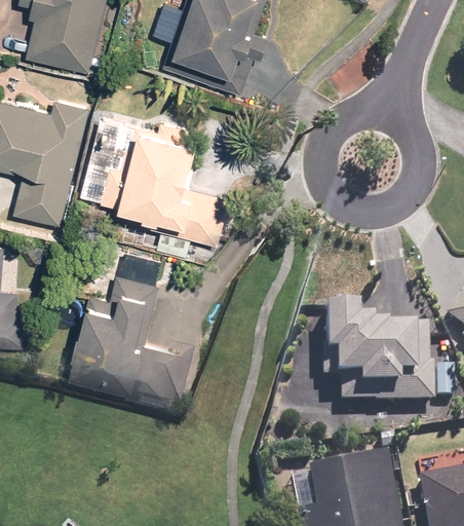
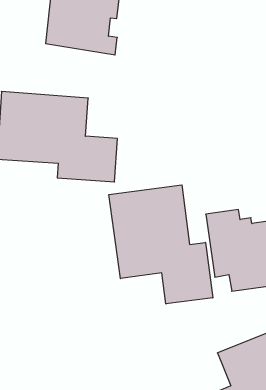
building: [71,249,186,408] -> none
building: none -> [109,185,213,304]

